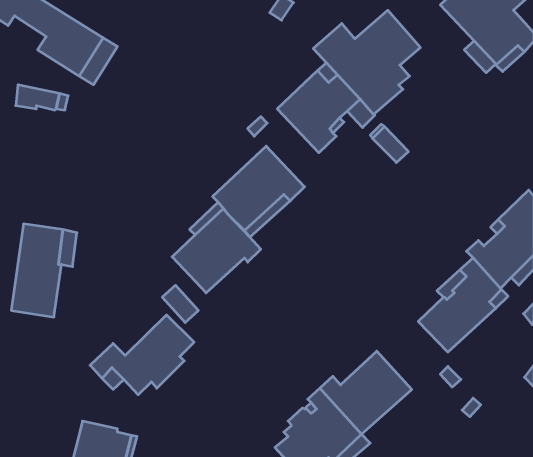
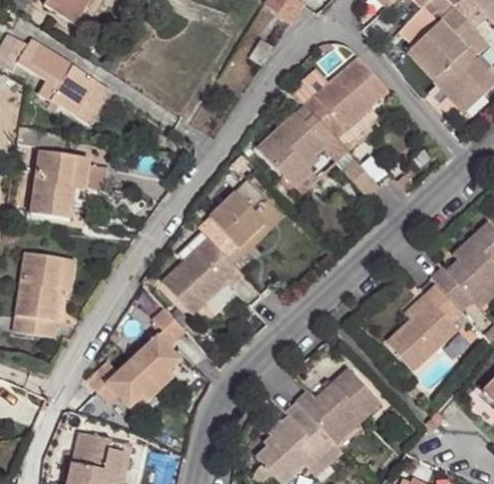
building: none -> [31,150,107,218]

